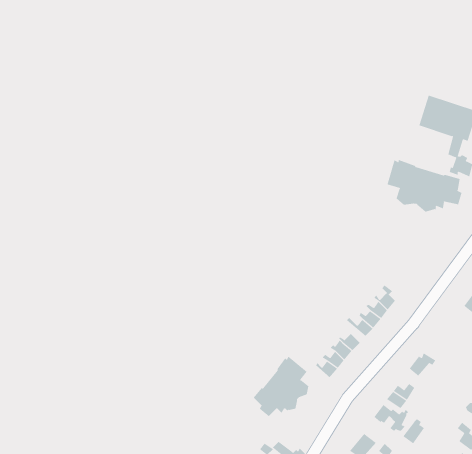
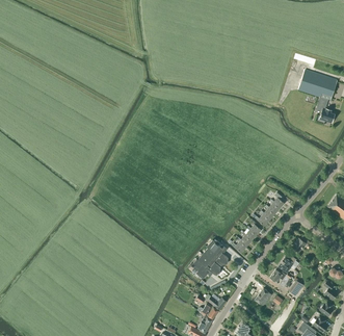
building: [387,159,462,213] -> none

